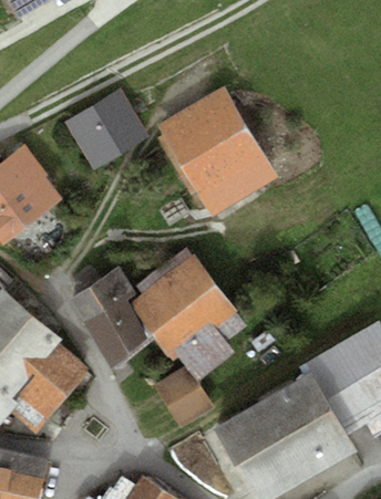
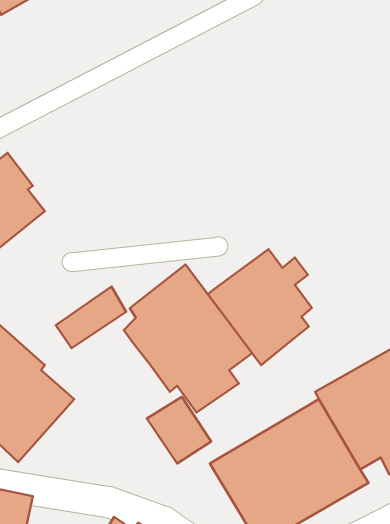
building: [65,86,147,165] -> none
building: [163,96,271,214] -> none
building: none -> [208,249,312,365]
building: [83,290,148,370] -> none

